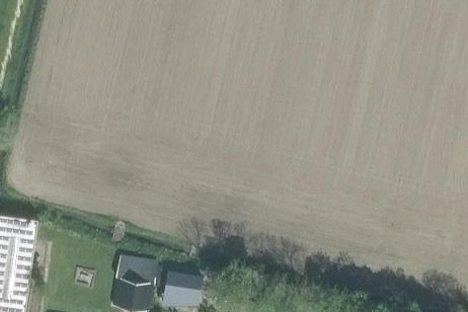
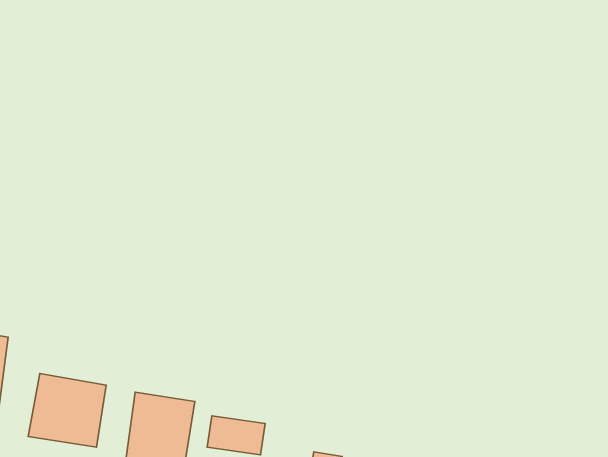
building: none -> [28,374,106,447]

